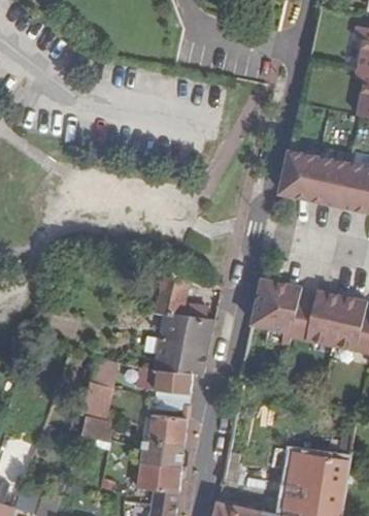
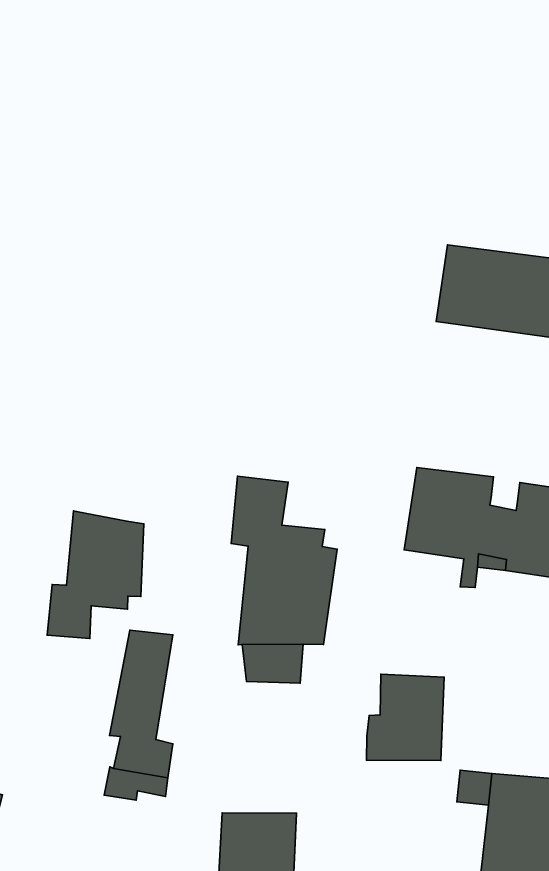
building: none -> [47,511,144,639]
building: [139,415,186,465] -> [367,674,444,761]

